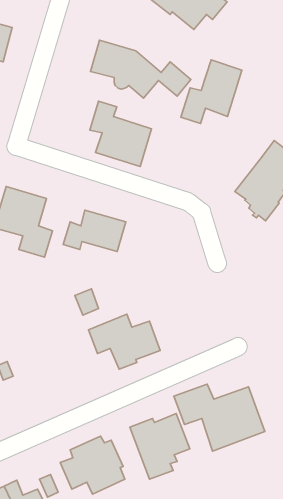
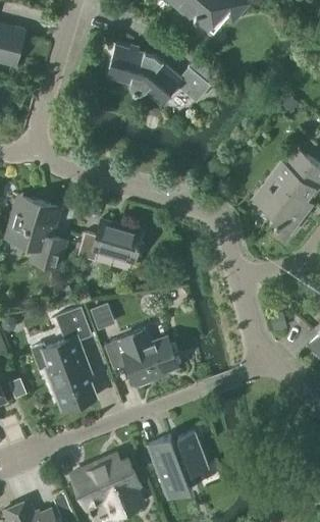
building: [181,60,242,123] -> none
building: [90,101,152,166] -> none
building: none -> [43,307,97,411]
building: [174,384,265,451] -> none

